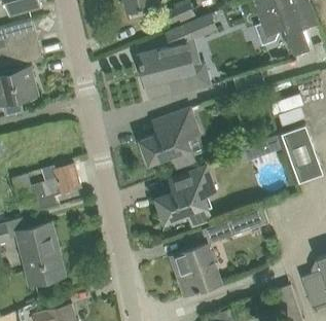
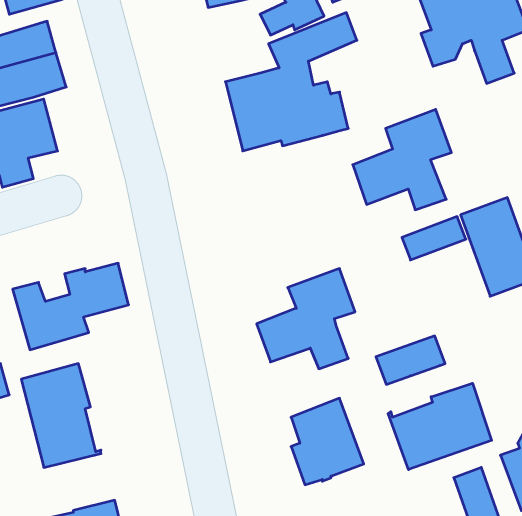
building: [140,108,198,168] -> [353,109,451,210]
building: none -> [388,383,492,470]

